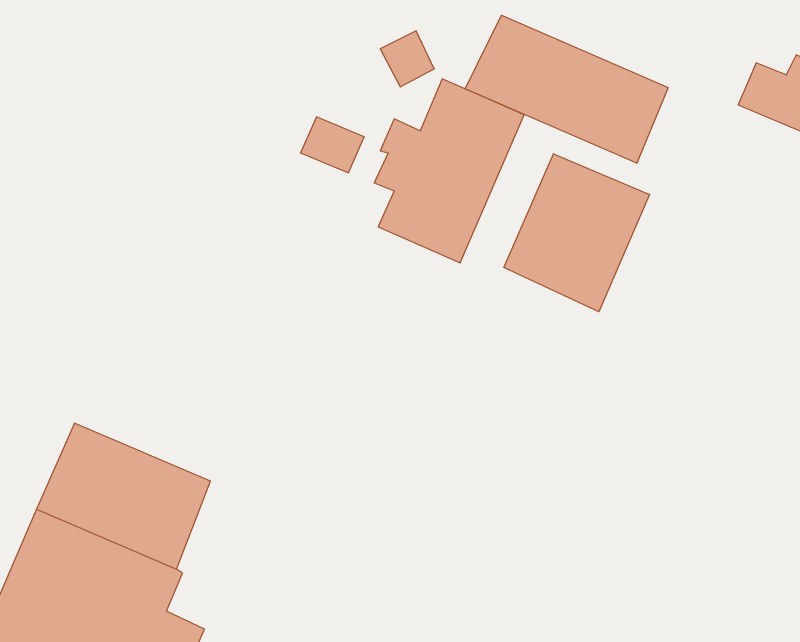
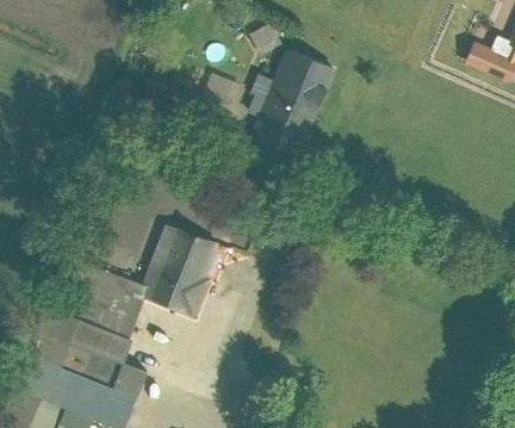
building: [465,15,668,163] -> none
building: [504,154,650,312] -> none
building: none -> [143,221,222,314]

